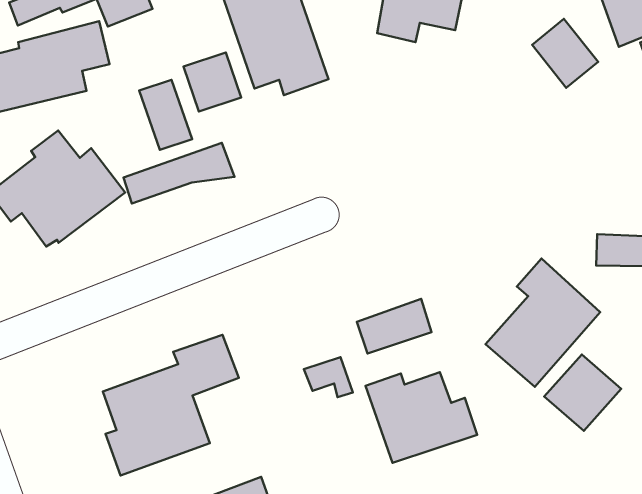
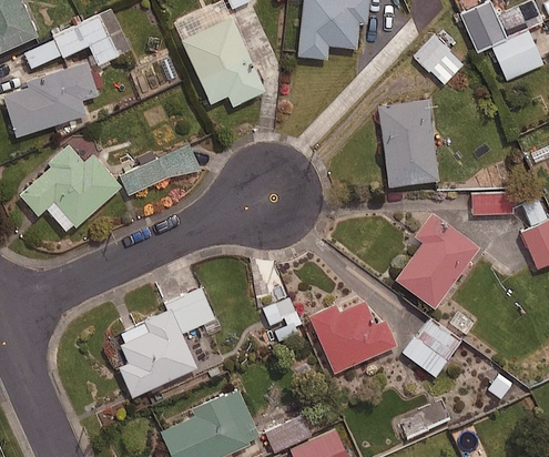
building: [183,52,241,111] -> none
building: [139,80,192,150] -> none
building: none -> [378,101,437,186]
building: [357,299,432,354] -> none
building: [544,354,621,431] -> [403,319,459,376]

